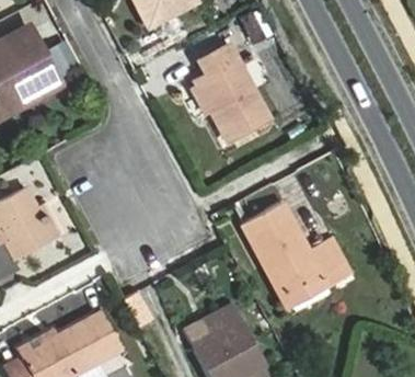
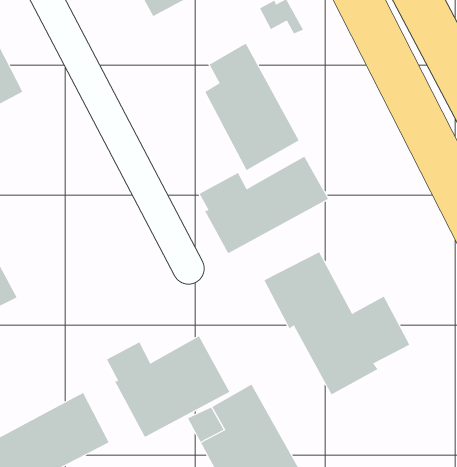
building: none -> [199,156,329,254]
building: none -> [106,336,230,437]

